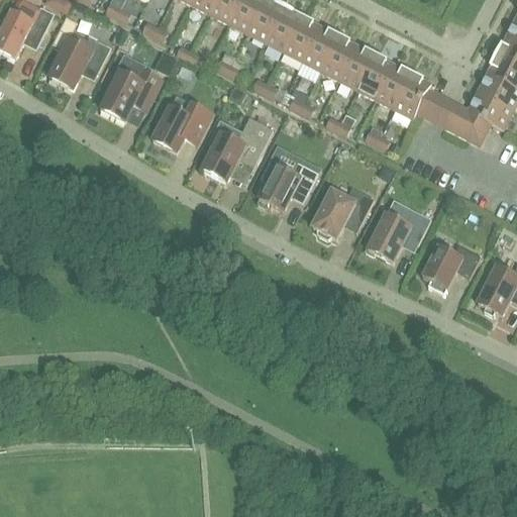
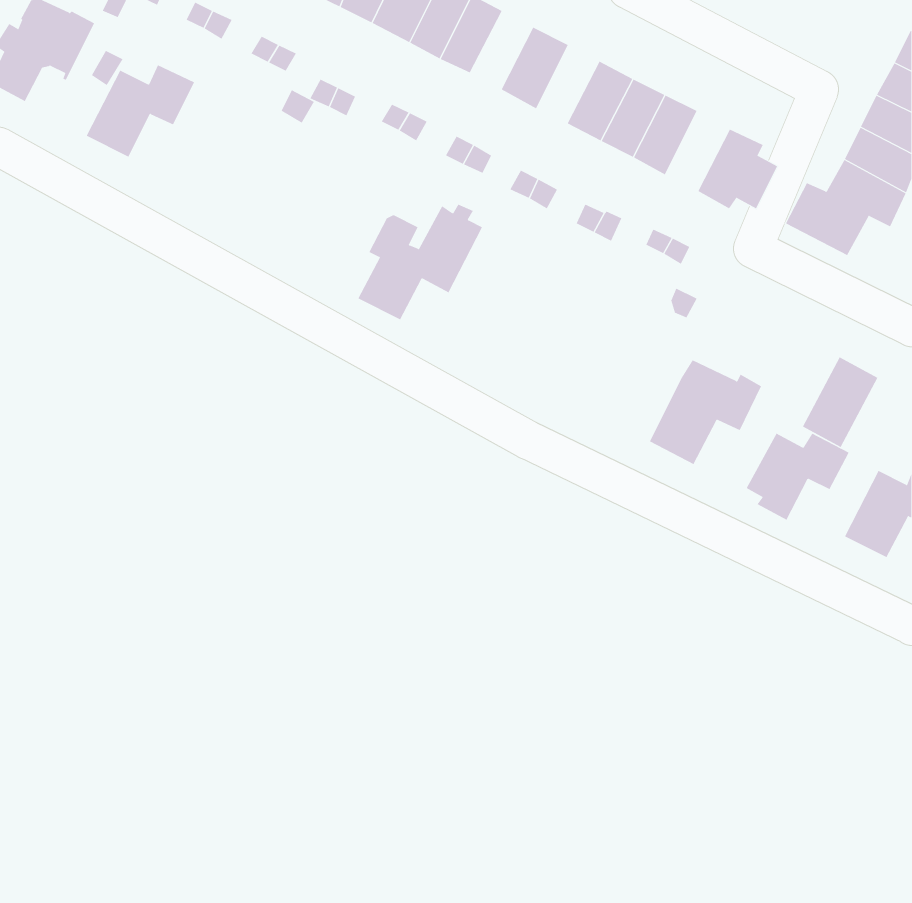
building: [266,6,301,50] -> none
building: [303,25,338,70] -> none
building: [100,53,162,120] -> none
building: [376,63,412,108] -> none
building: [152,95,212,152] -> none
building: [256,162,318,211] -> none
building: [312,187,374,239] -> none
building: none -> [802,357,878,448]

